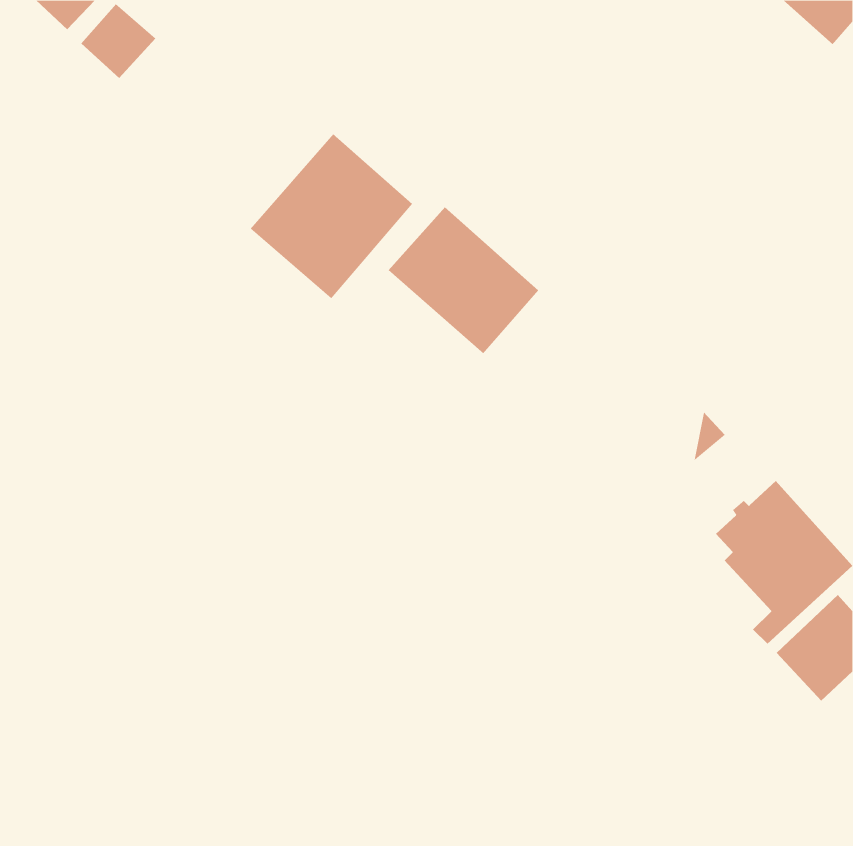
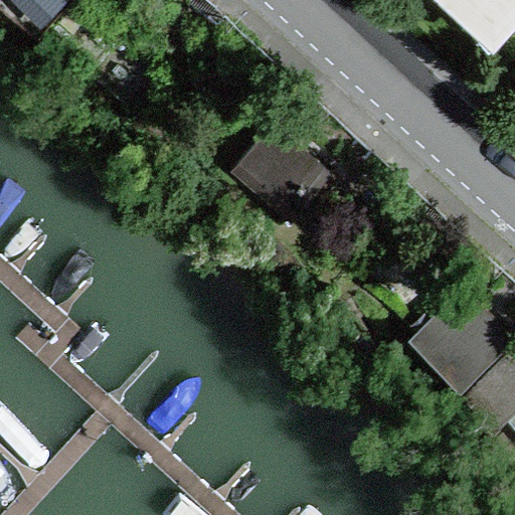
building: [250,134,413,299] -> none

